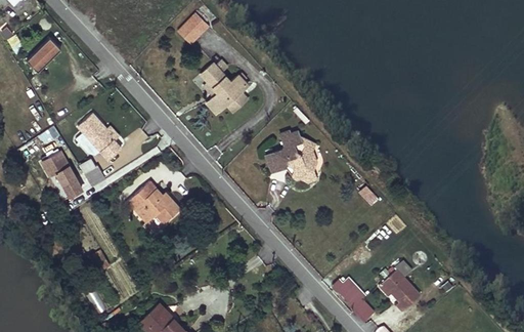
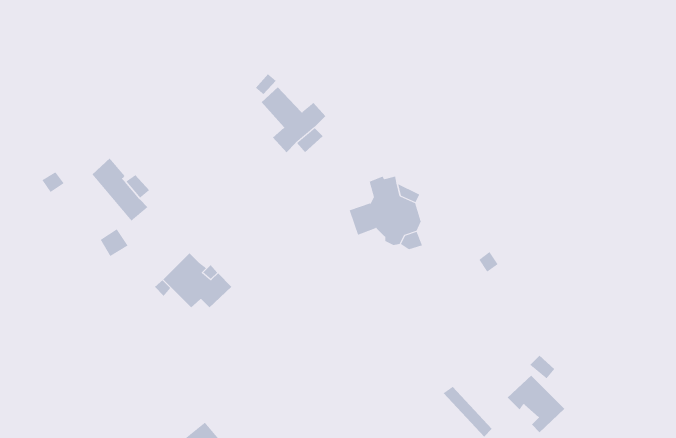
building: [179,14,209,44] -> none
building: [27,39,61,73] -> none
building: [42,150,83,201] -> none

